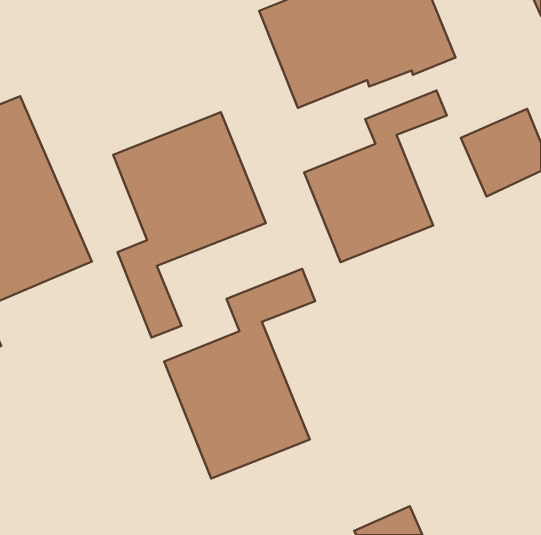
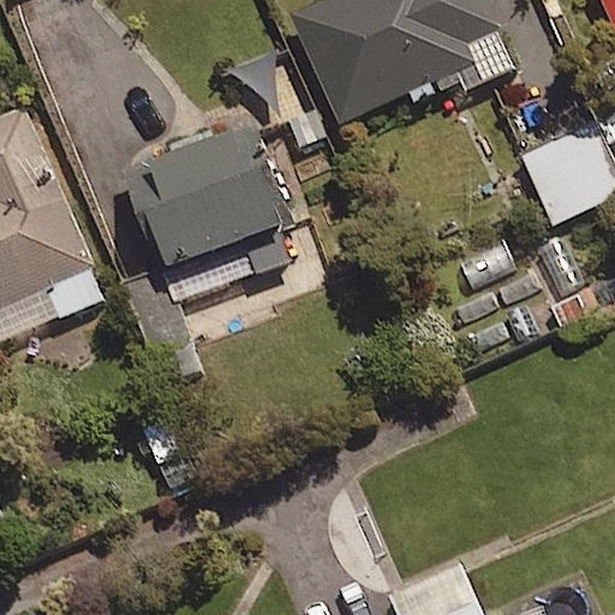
building: [304,91,447,262] -> none
building: [164,269,315,479] -> none

